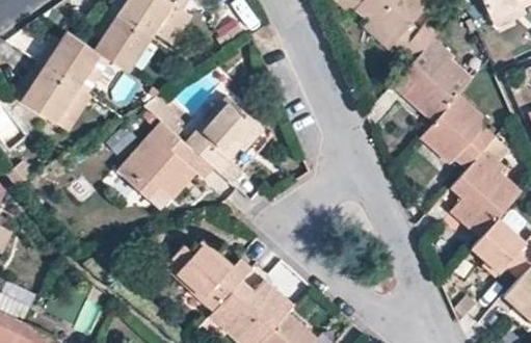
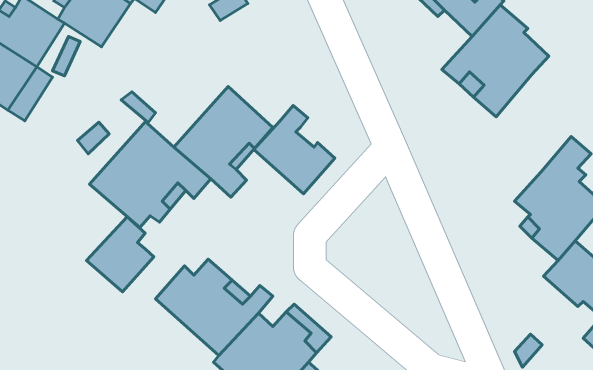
building: [425,93,502,169] -> none
building: none -> [254,105,335,194]
building: none -> [87,217,154,292]

